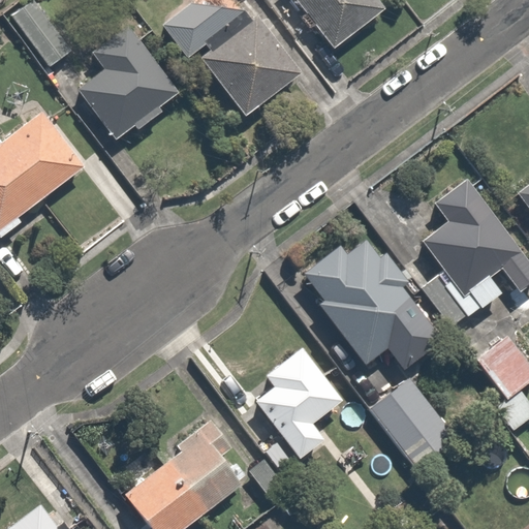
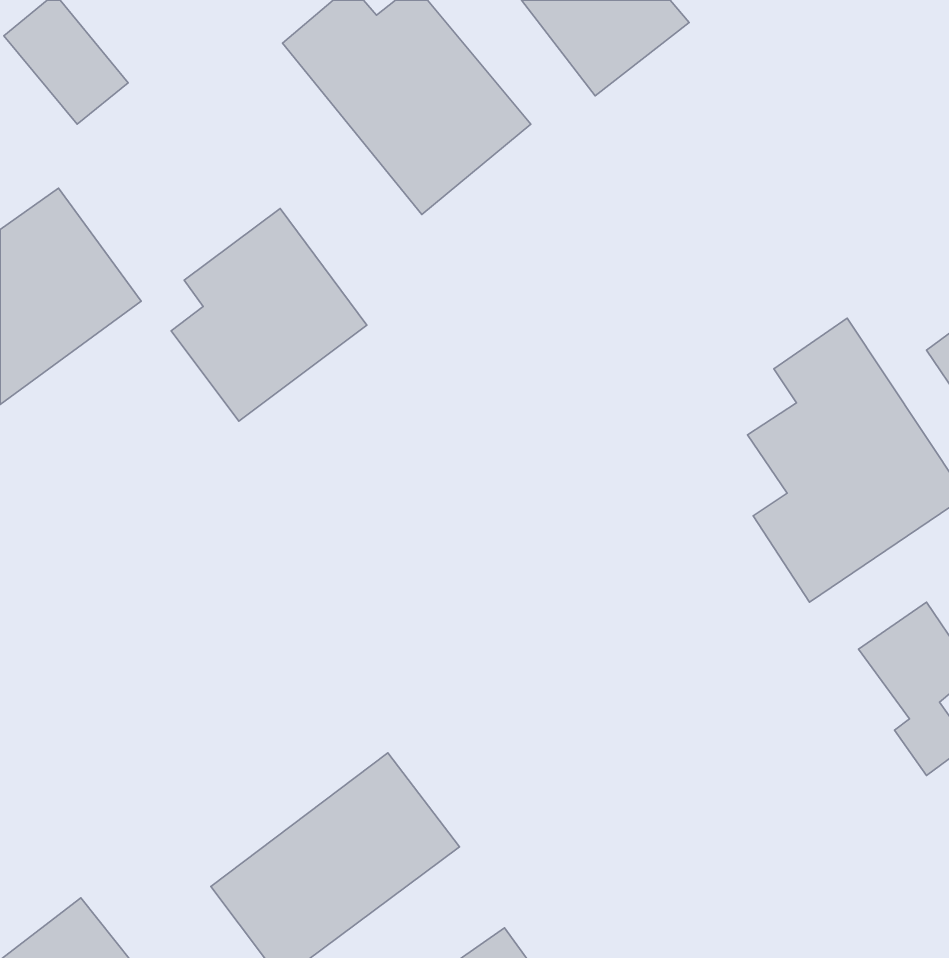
building: [76,26,184,143] -> [171,209,367,421]
building: [299,232,441,366] -> none
building: [242,344,347,463] -> none
building: [368,376,455,464] -> none

